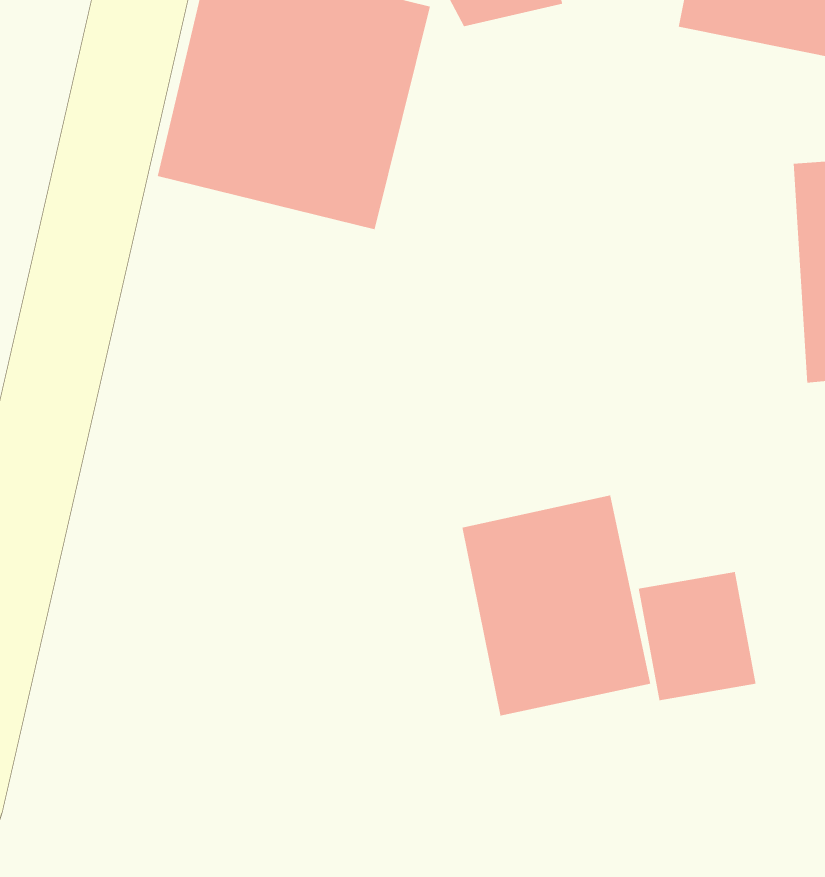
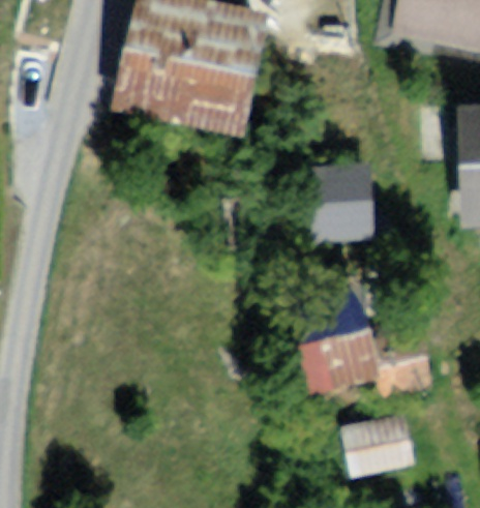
building: none -> [301,155,369,245]
building: none -> [351,416,423,475]

